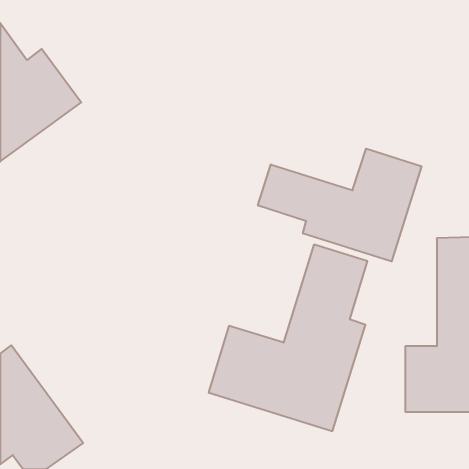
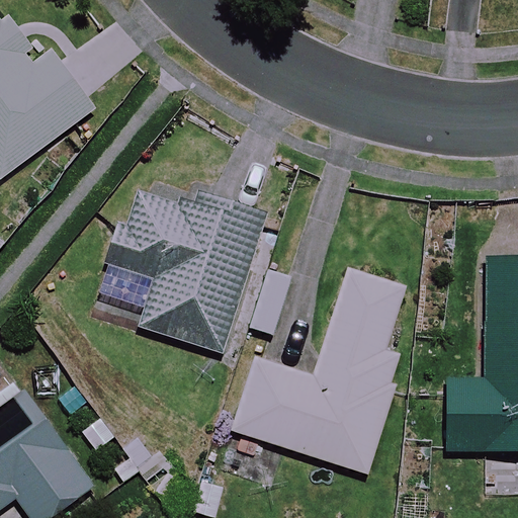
building: [258,149,421,261] -> none
building: none -> [99,197,262,348]

